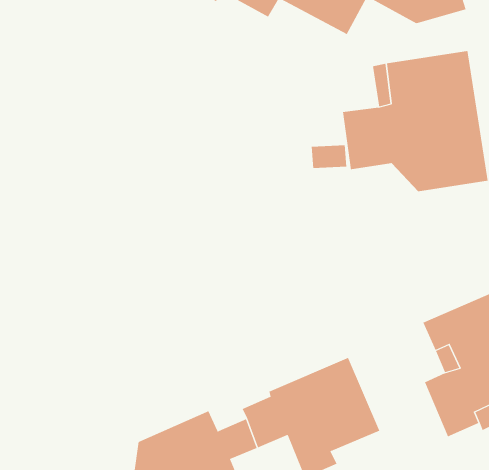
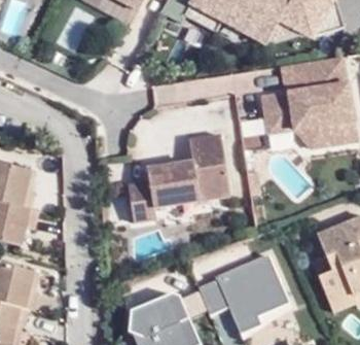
building: none -> [128,133,230,221]

